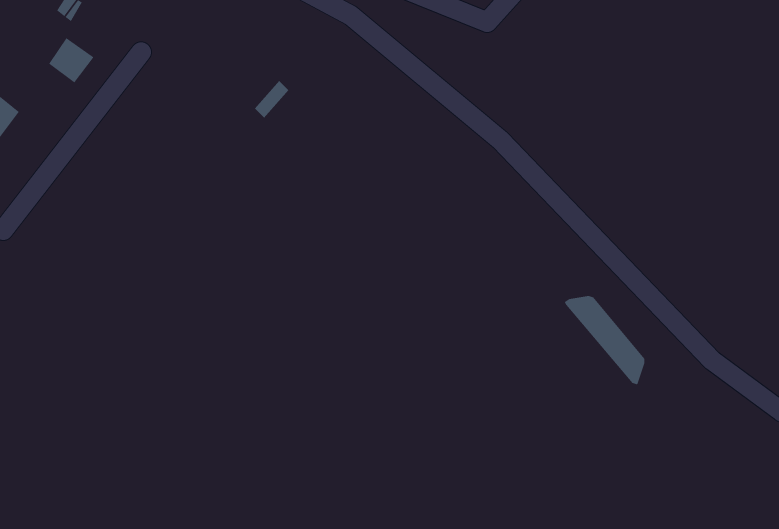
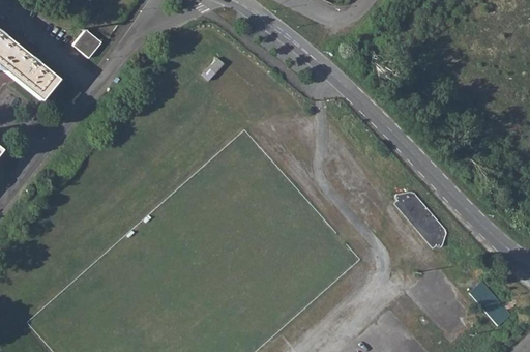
building: none -> [469,281,511,325]

